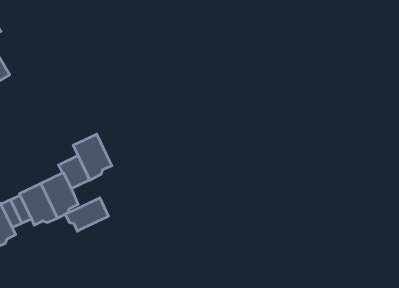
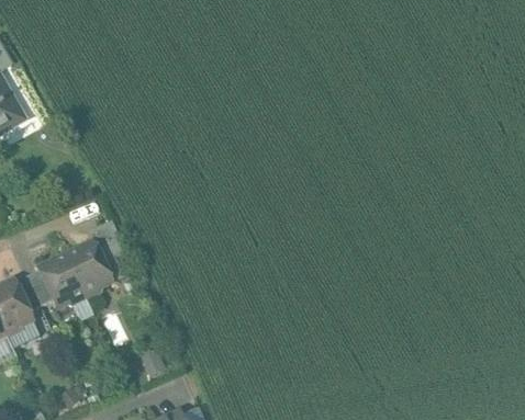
building: [73,134,112,180] -> none
building: [65,198,108,231] -> none

